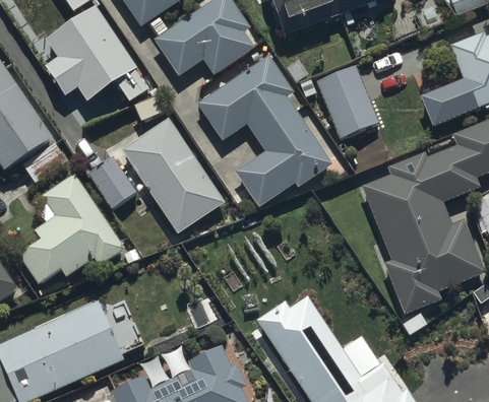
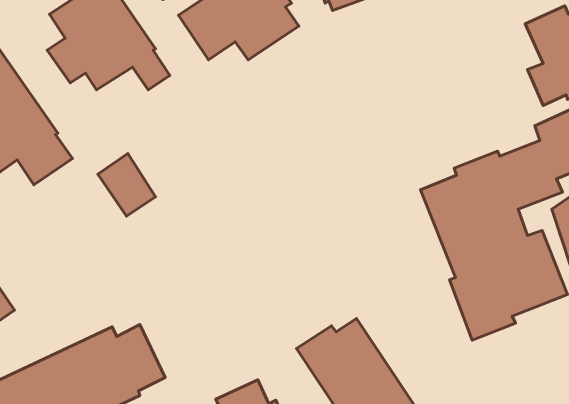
building: [197,55,333,205] -> none
building: [314,64,378,138] -> none
building: [121,118,226,234] -> none
building: [18,173,139,283] -> none

